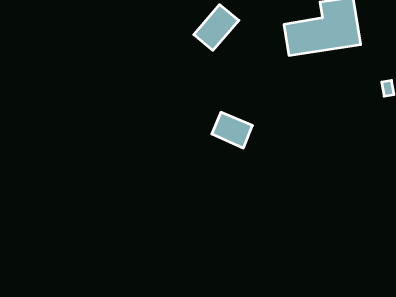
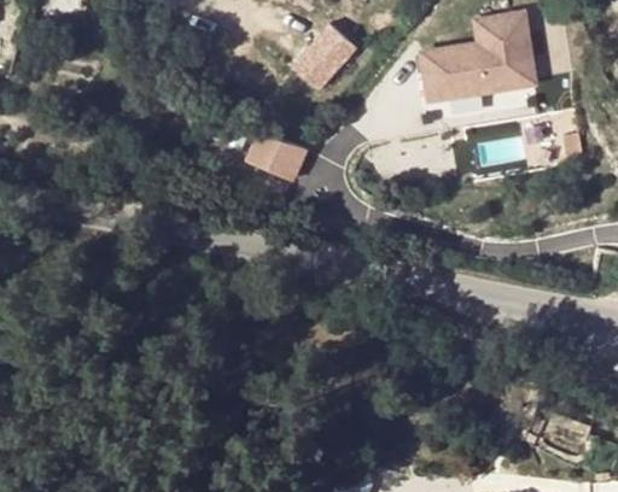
building: [212,112,253,148] -> [247,127,307,178]

